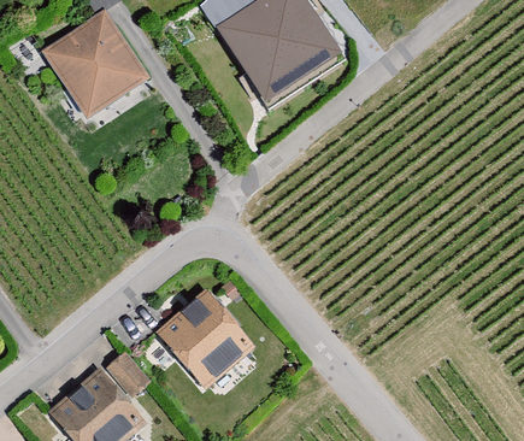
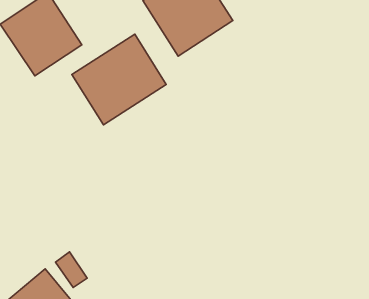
building: none -> [72,34,166,125]
building: [155,287,254,386] -> none

